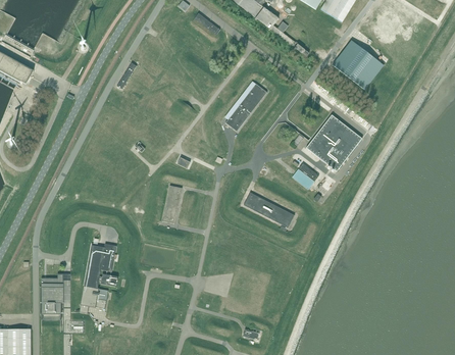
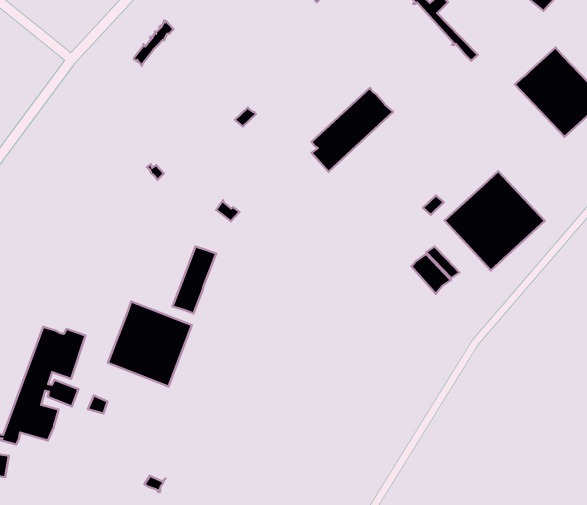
building: [244,192,295,227] -> none
building: none -> [108,302,192,386]

